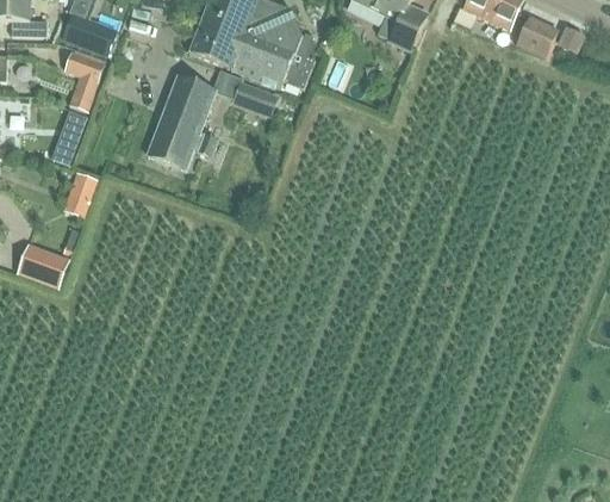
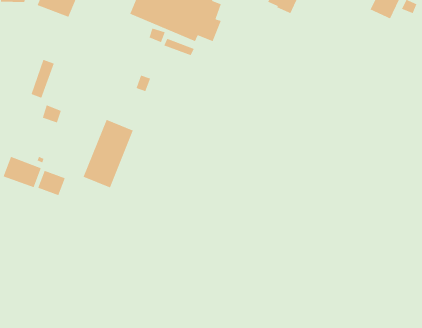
building: [63,48,102,110] -> none
building: [147,75,217,171] -> [82,119,134,189]
building: none -> [37,170,66,196]

